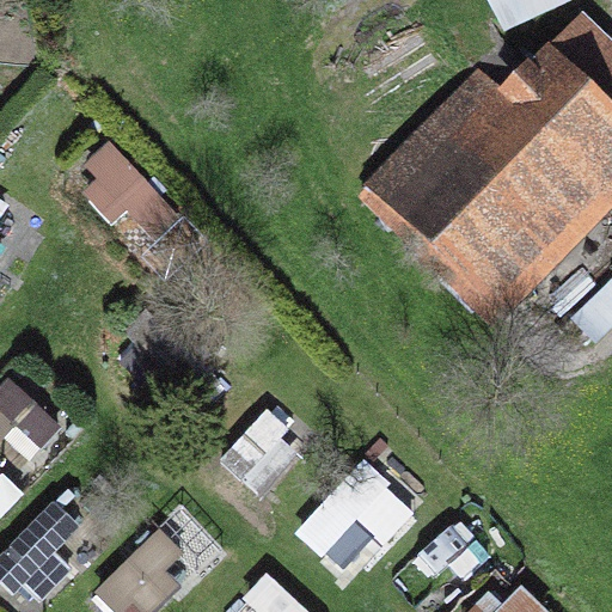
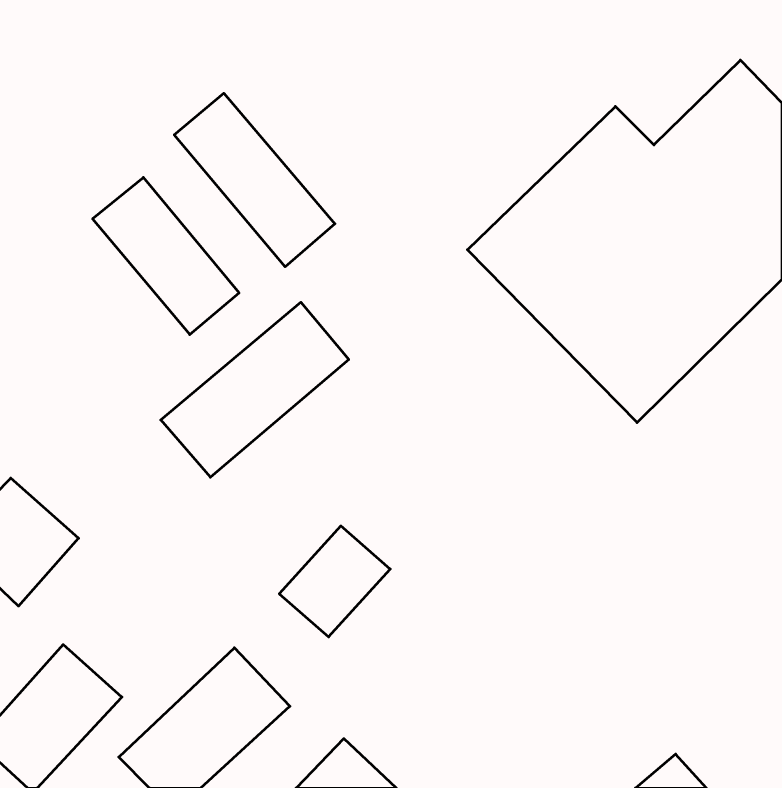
building: none -> [174,93,335,267]
building: none -> [161,302,349,477]
building: [293,481,409,579] -> none

